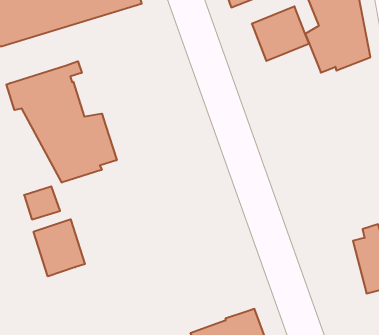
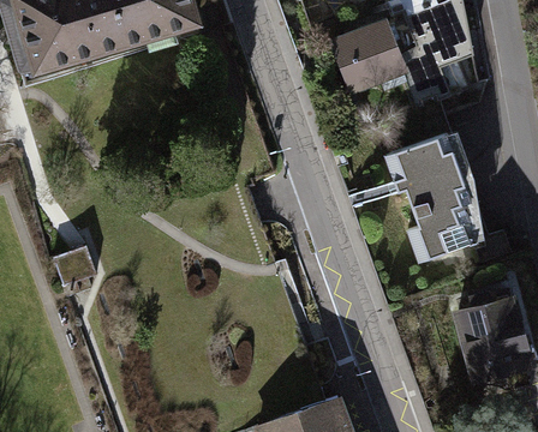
building: [6,61,117,183] -> none
building: none -> [384,133,476,262]
building: [34,219,85,276] -> none

